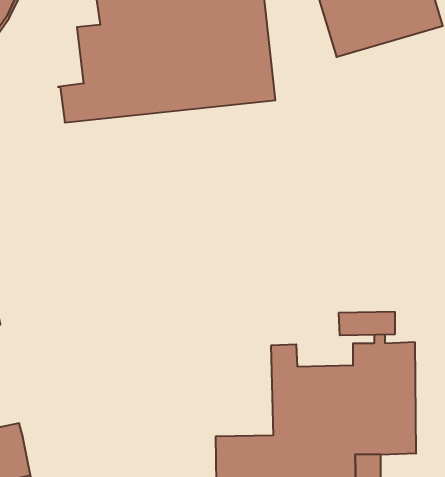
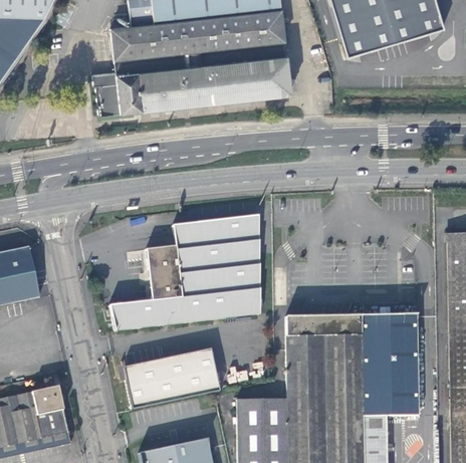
building: none -> [103,214,263,331]
building: [339,312,395,335] -> [308,313,360,334]
building: none -> [124,349,222,409]

